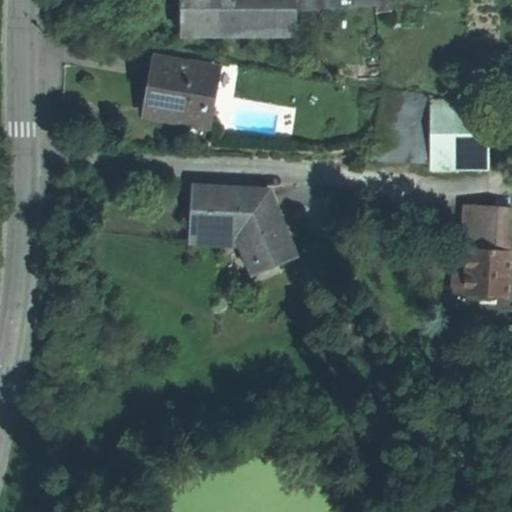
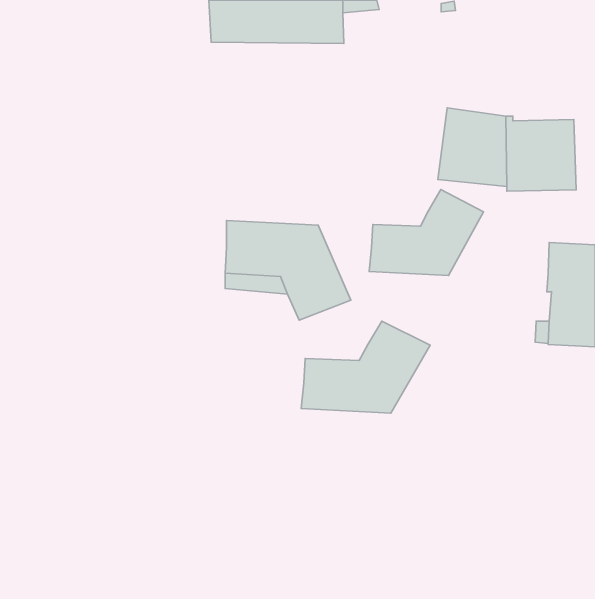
building: [149,60,216,124] -> none
building: none -> [369,189,483,276]
building: none -> [301,321,430,413]

